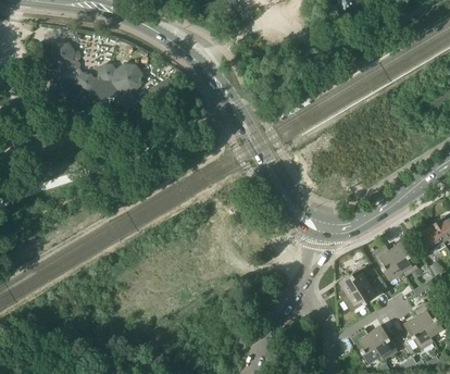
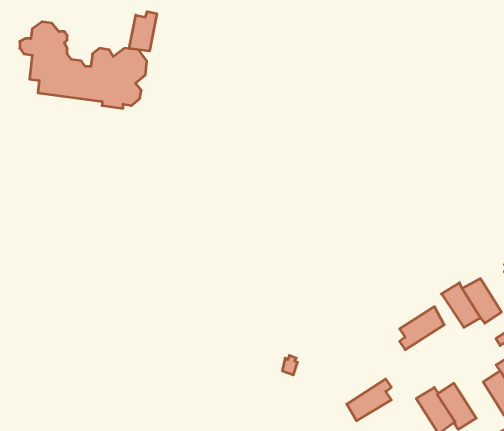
building: none -> [129,12,157,51]
building: [342,278,377,311] -> [347,379,391,421]

